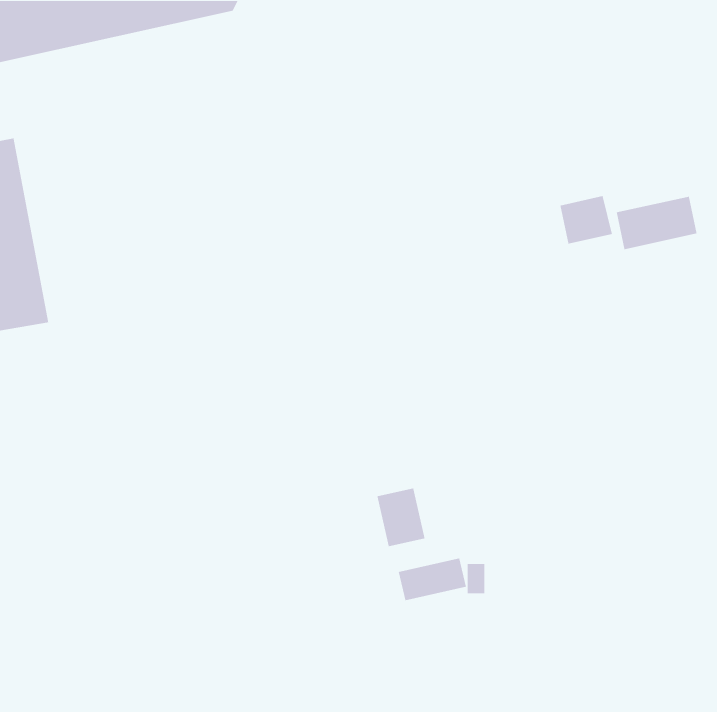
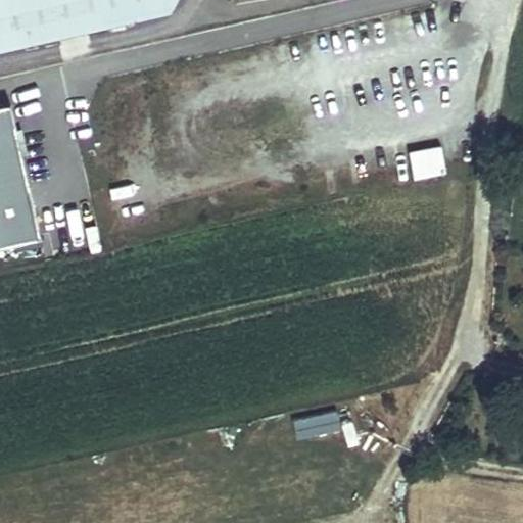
building: [616,196,697,250] -> none
building: [376,488,426,547] -> none

